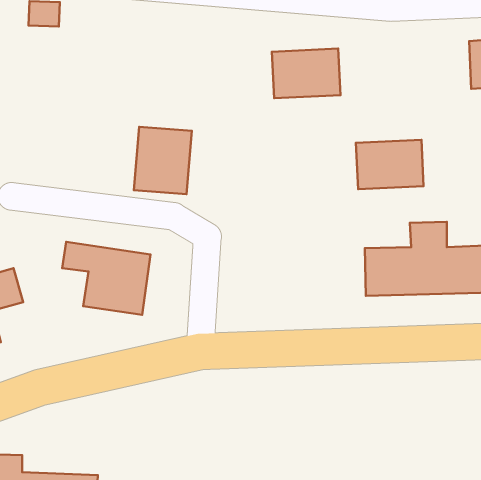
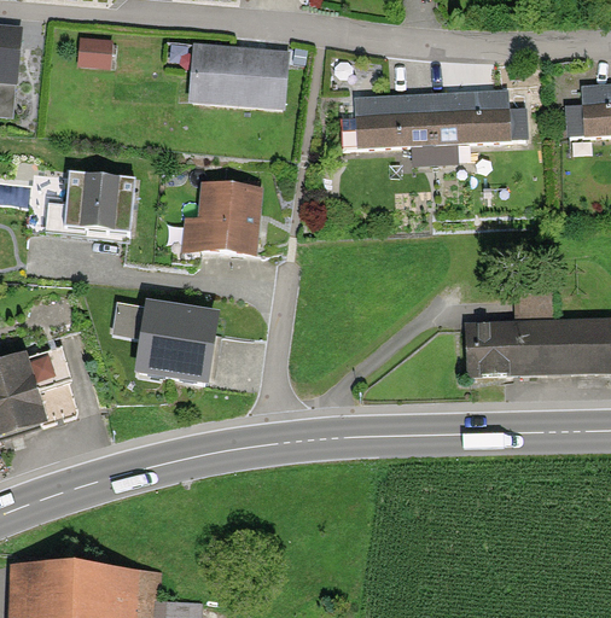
building: none -> [185,42,287,115]
building: none -> [64,174,135,234]
building: [356,140,423,189] -> [431,88,508,145]

